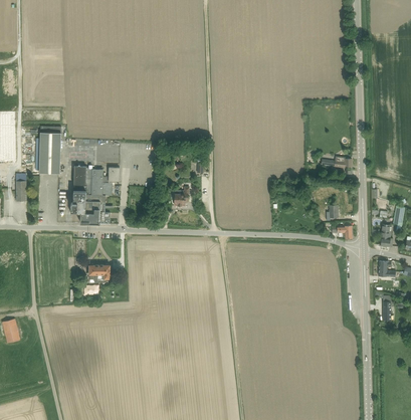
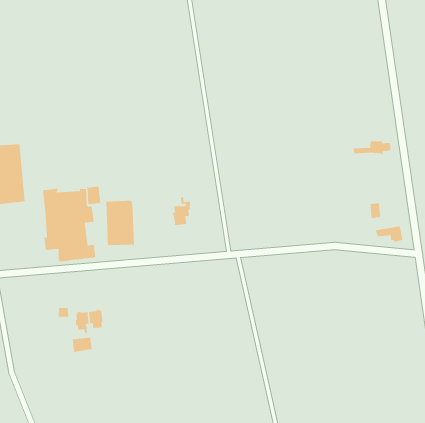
building: none -> [105,200,135,246]

